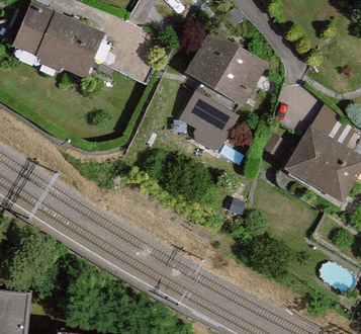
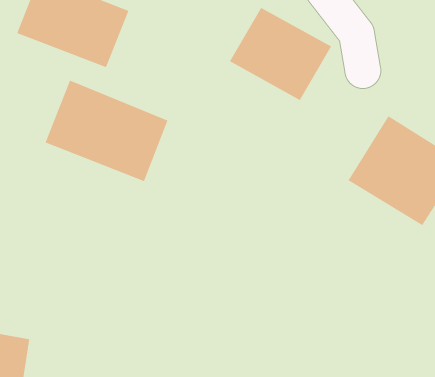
building: [180,85,239,148] -> none
building: none -> [44,80,169,182]

